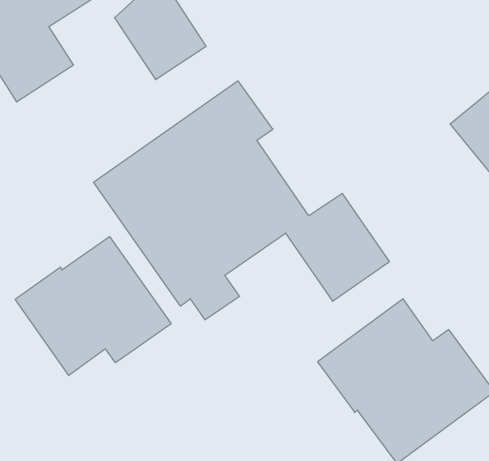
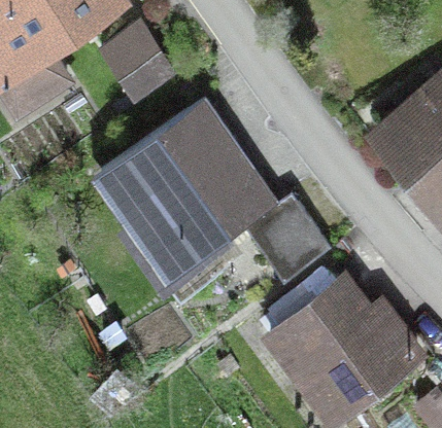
building: [15,237,171,376] -> none

